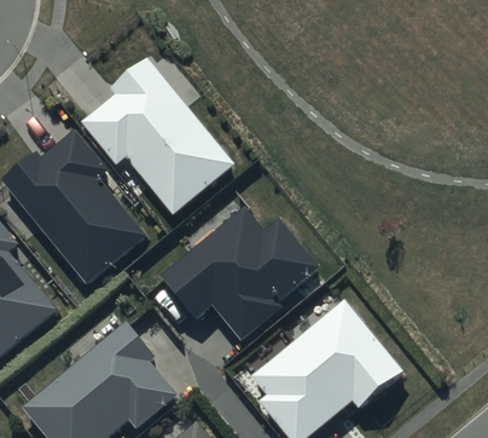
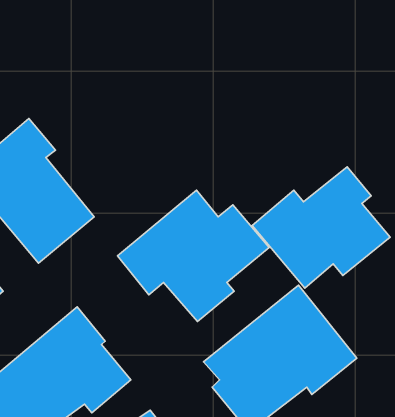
building: [81,58,234,215] -> none
building: none -> [252,167,390,288]

